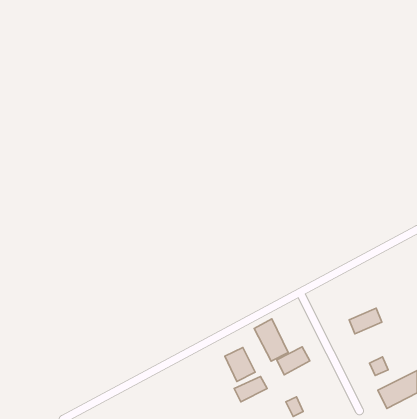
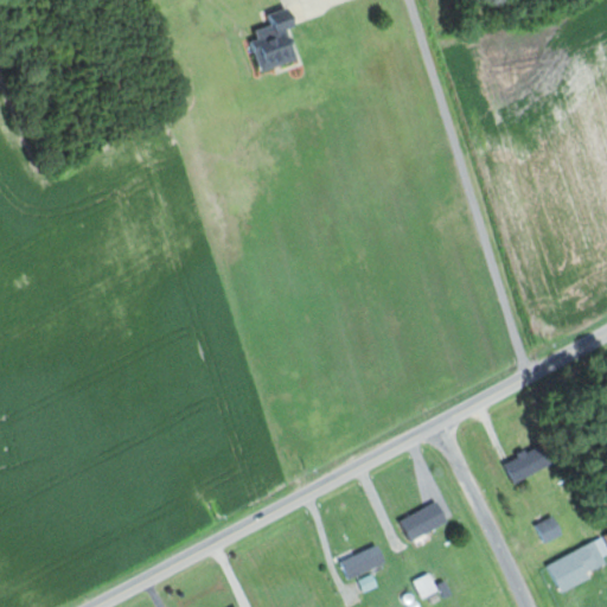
building: none -> [250,6,298,72]
building: [254,319,288,361] -> none
building: [225,347,255,382] -> none

